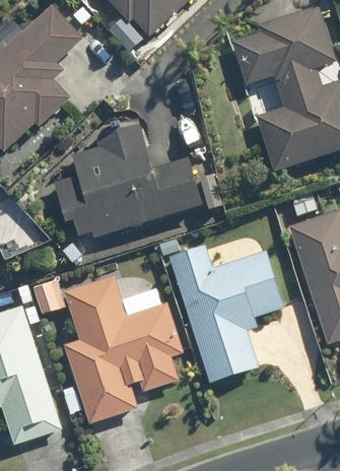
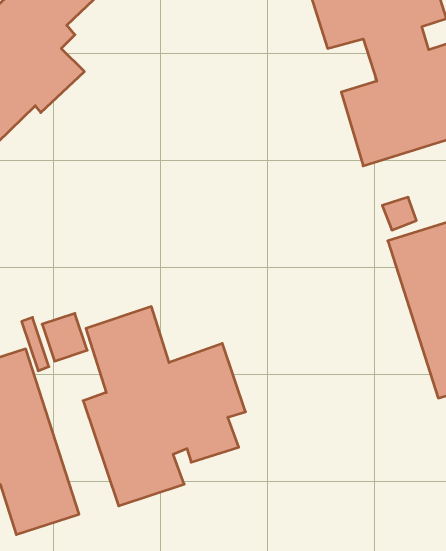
building: [54,119,201,234] -> none
building: [172,246,285,381] -> none

